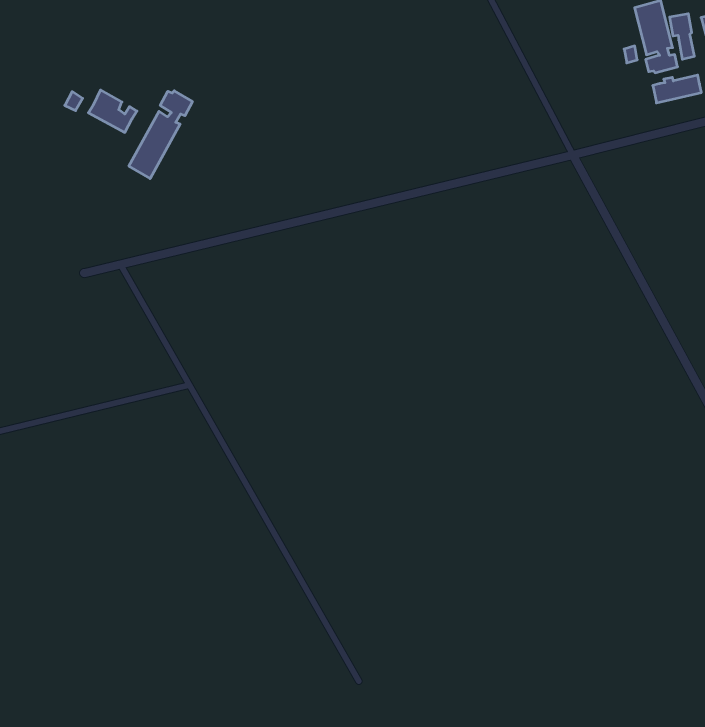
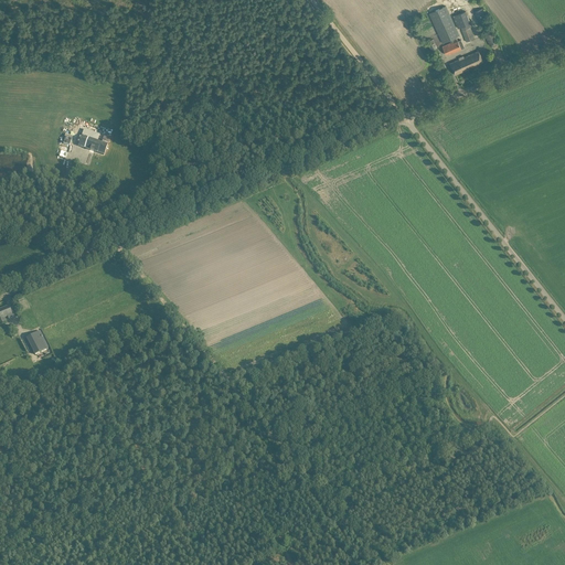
building: [129,91,192,179] -> none

